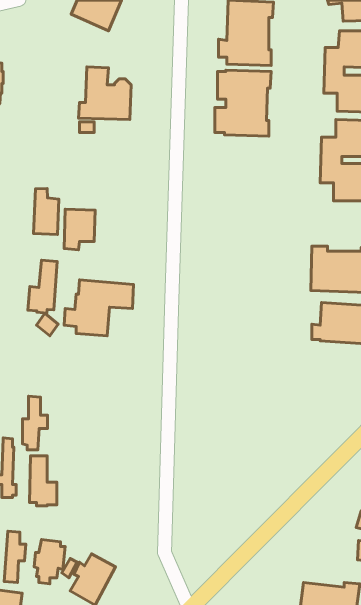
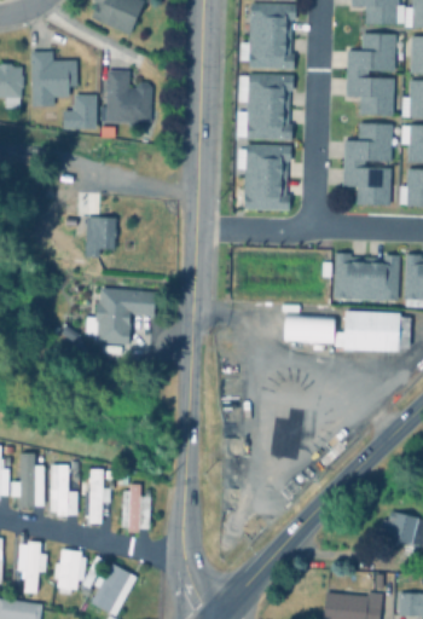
building: none -> [31,52,76,108]
building: none -> [63,96,97,129]
building: none -> [237,145,291,212]
building: [34,188,59,235] -> none
building: [28,260,57,313] -> none
building: none -> [284,313,335,343]
building: [22,396,48,450] -> [85,468,110,522]
building: none -> [122,484,151,531]

